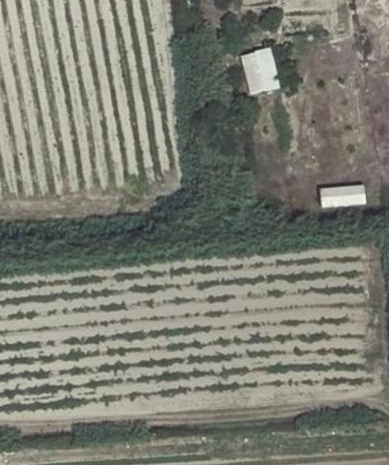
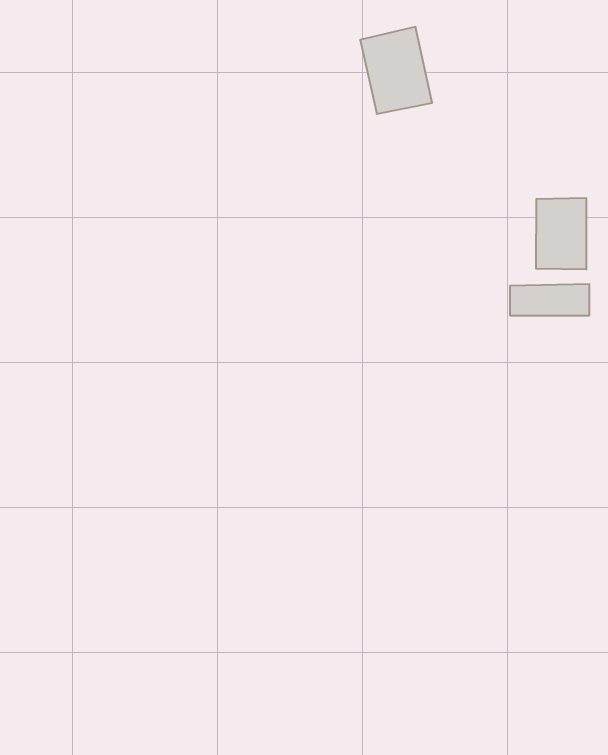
building: none -> [536,198,586,270]

